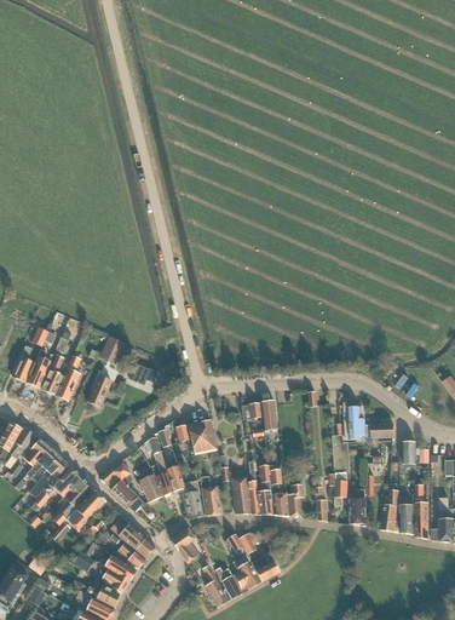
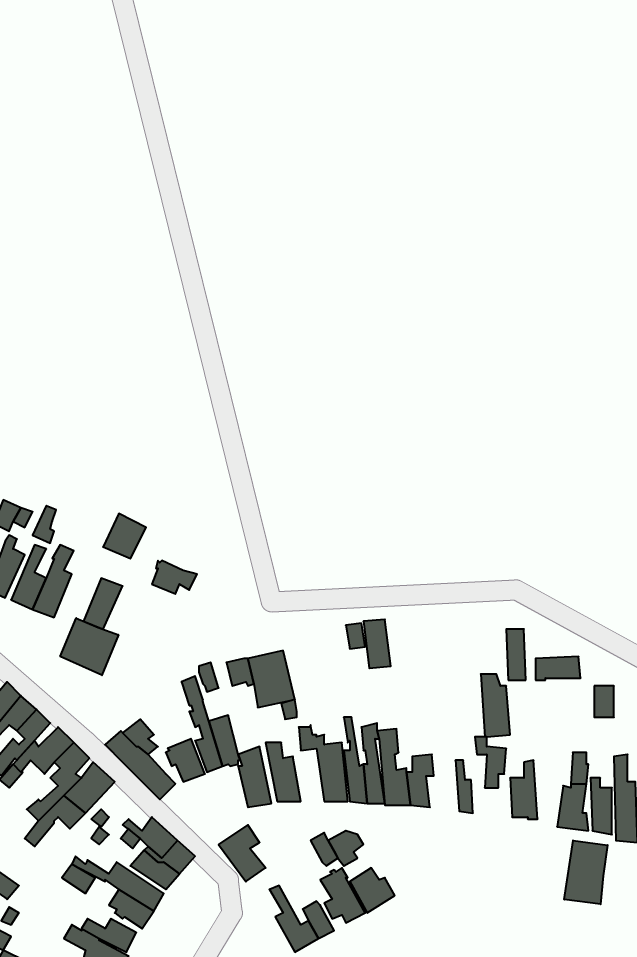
building: none -> [60,618,118,675]
building: none -> [564,840,608,904]

